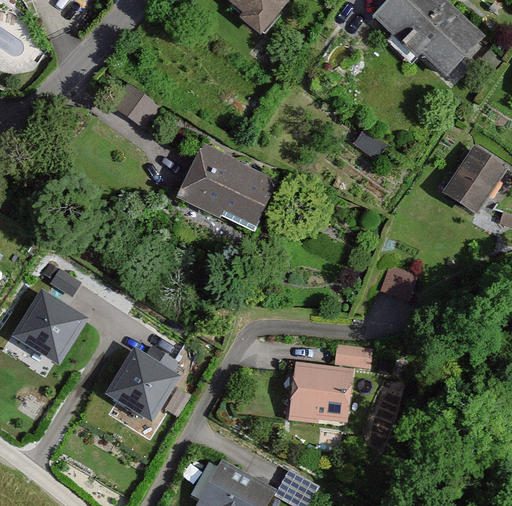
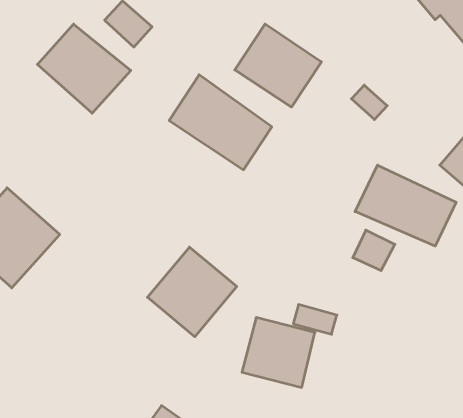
building: none -> [235,24,321,107]
building: none -> [37,24,131,113]
building: none -> [355,165,456,246]
building: [100,343,183,427] -> [147,247,237,337]

